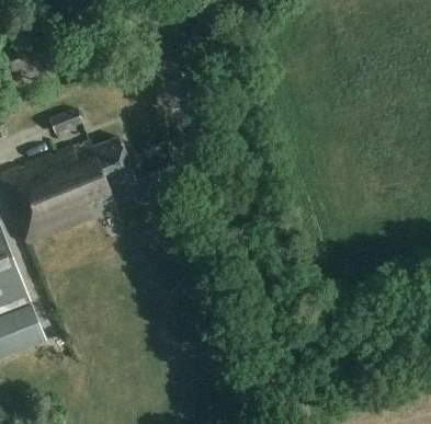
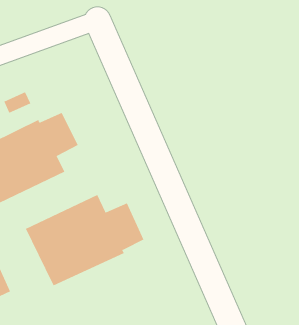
building: none -> [25,194,144,286]

